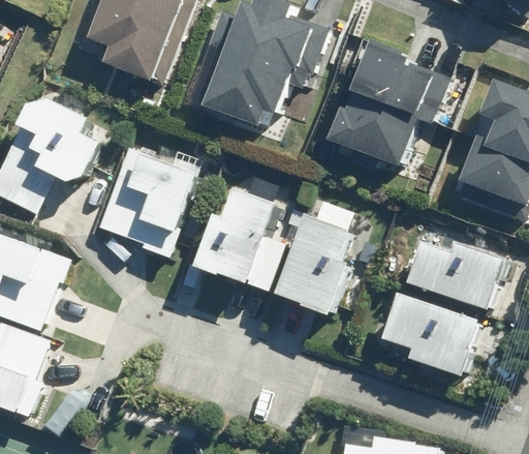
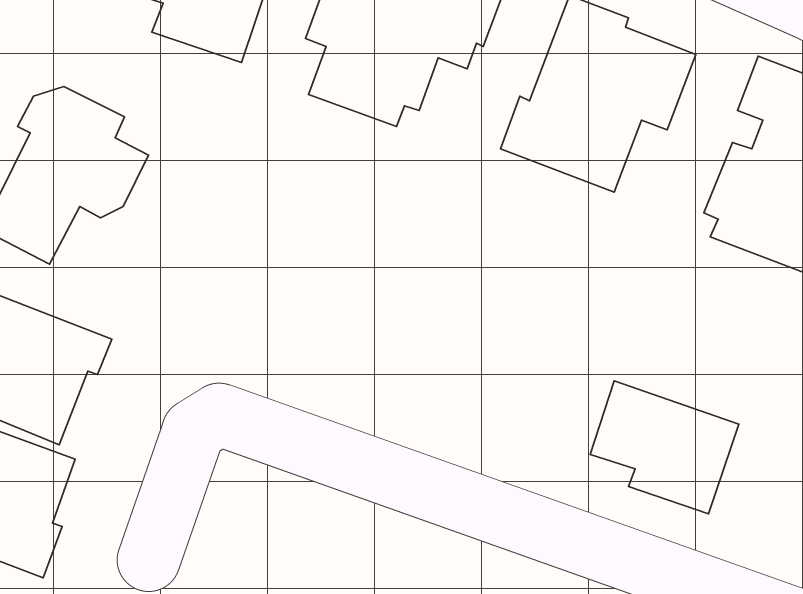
building: [99,148,200,259] -> none
building: [193,183,286,291] -> none
building: [275,214,348,315] -> none
building: [407,241,502,315] -> none

